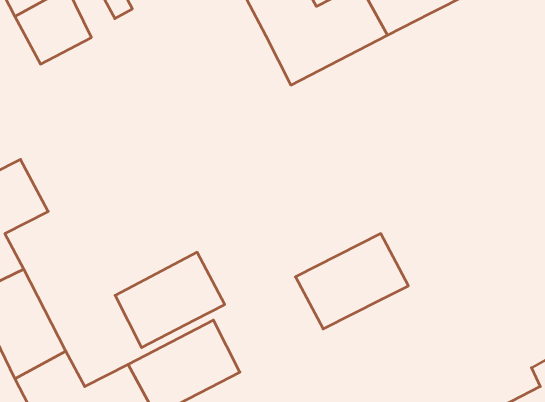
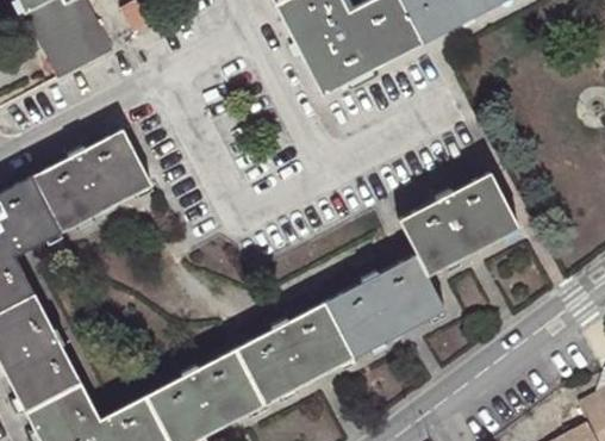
building: none -> [31,128,152,231]
building: none -> [399,174,520,277]
building: [115,252,225,348] -> [238,302,356,404]

